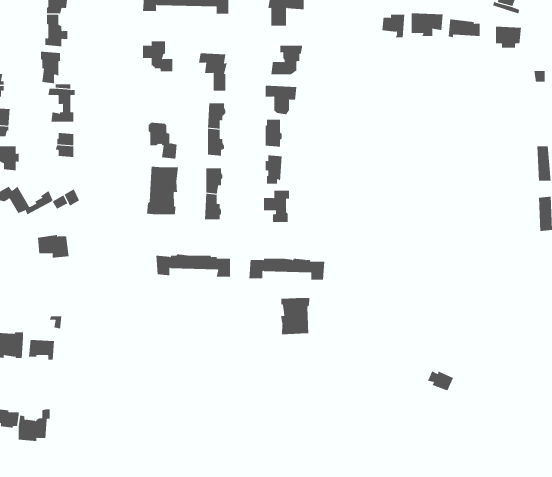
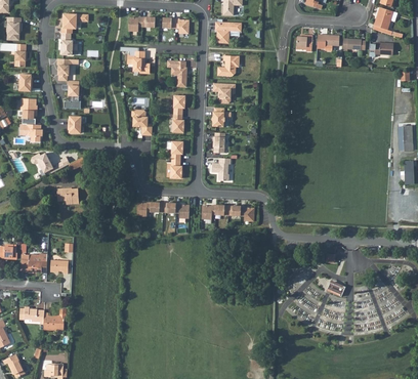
building: [146,166,178,215] -> none
building: [281,297,310,335] -> none

